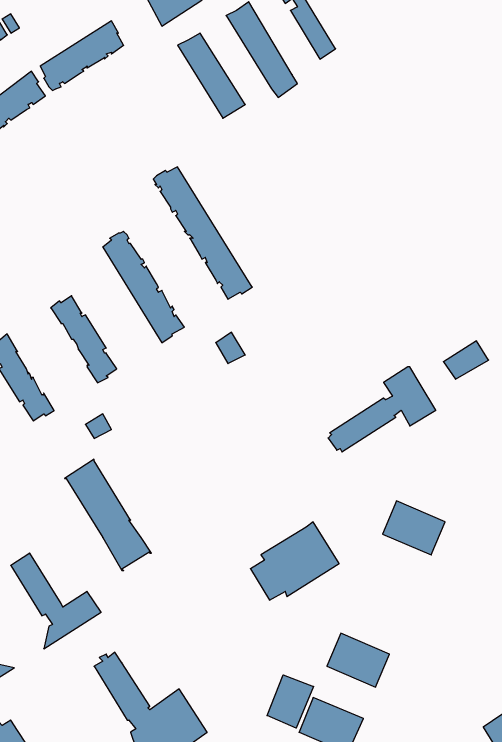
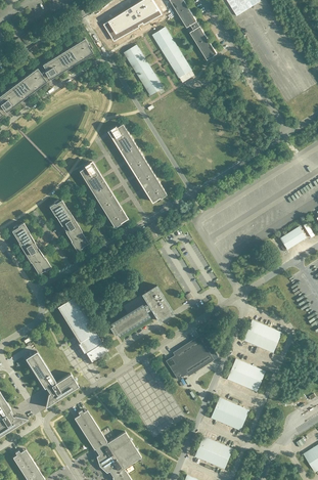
building: [328,367,436,452] -> [108,286,172,336]
building: none -> [227,359,265,391]
building: [267,675,314,728] -> none

